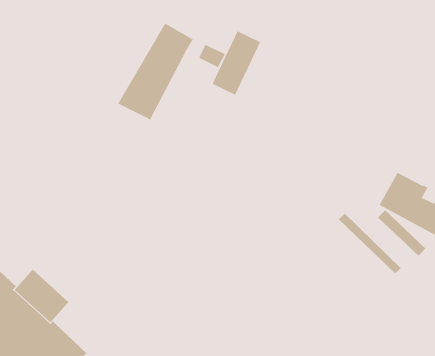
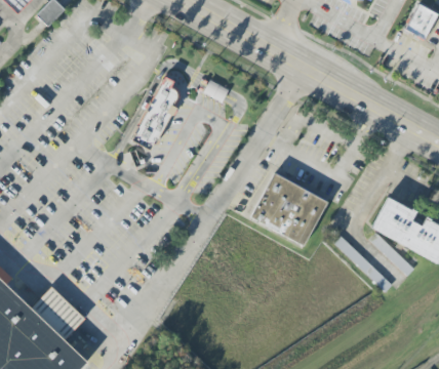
building: [212,30,261,96] -> none
building: none -> [250,169,337,246]

